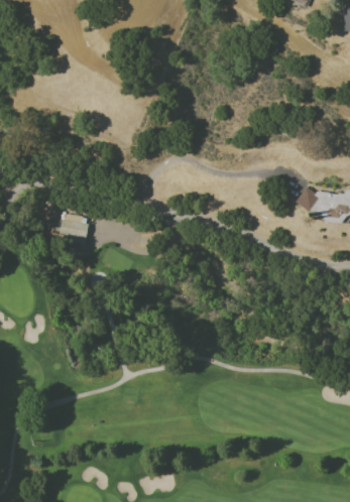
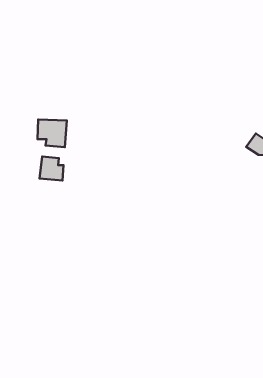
building: none -> [37,119,67,147]

